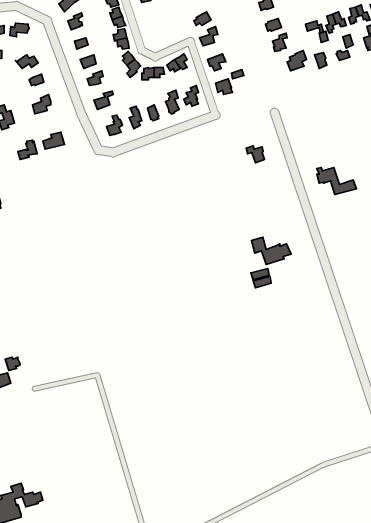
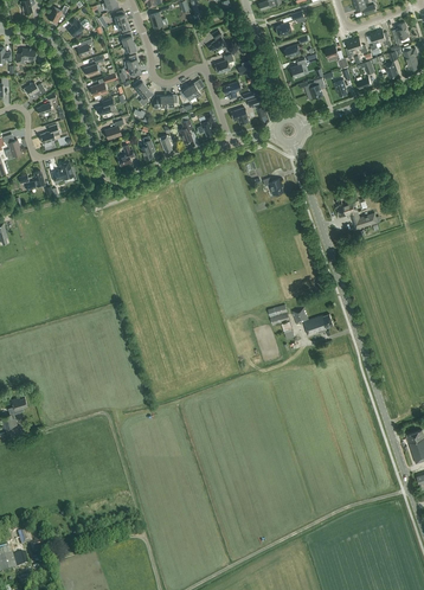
building: [251,237,291,264] -> [293,307,334,335]

